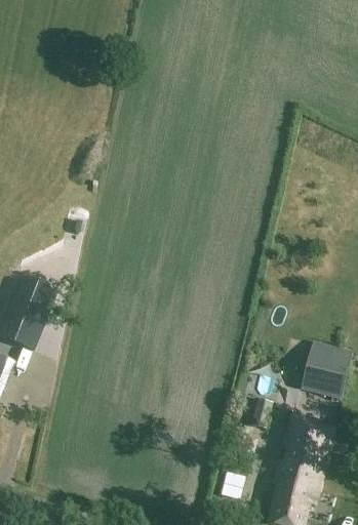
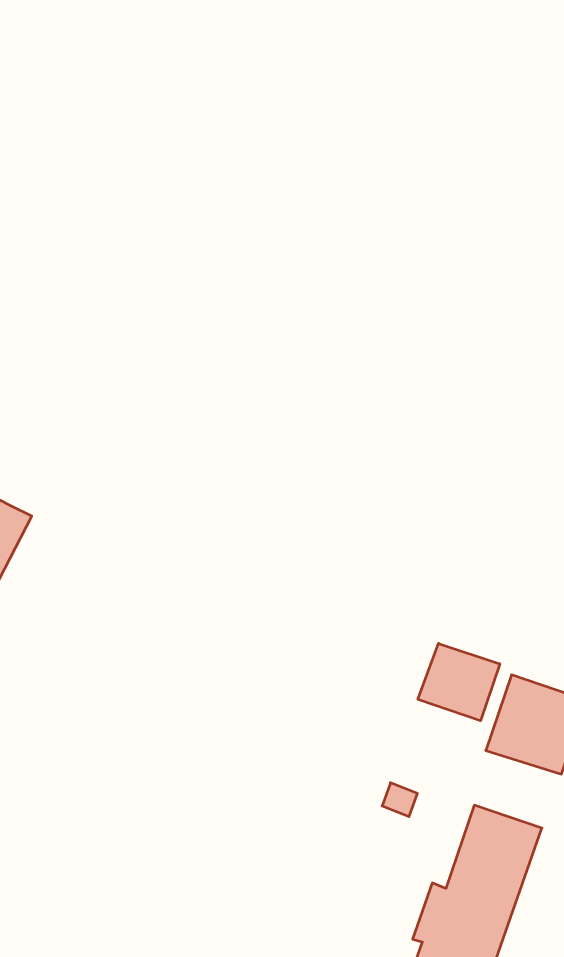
building: none -> [418,643,500,721]

